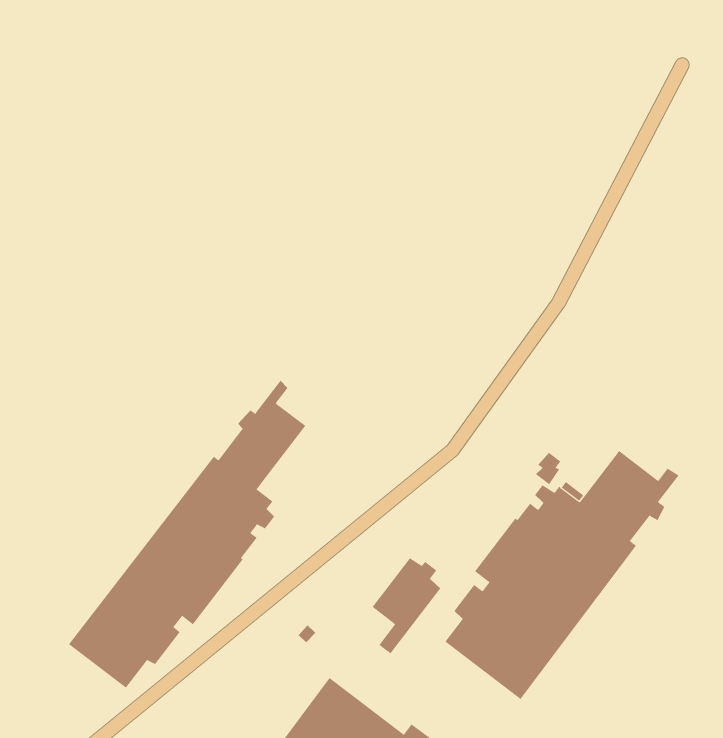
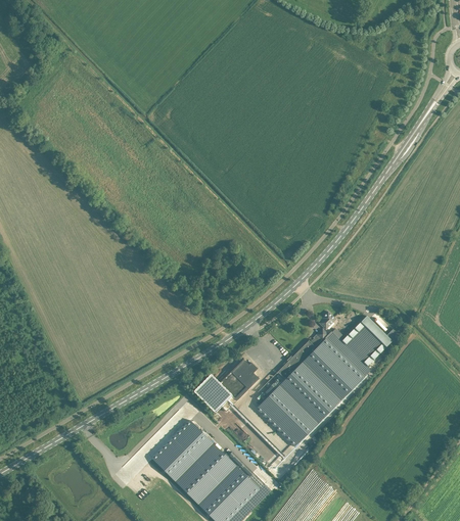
building: [68,380,306,689] -> none
building: none -> [193,374,230,413]

